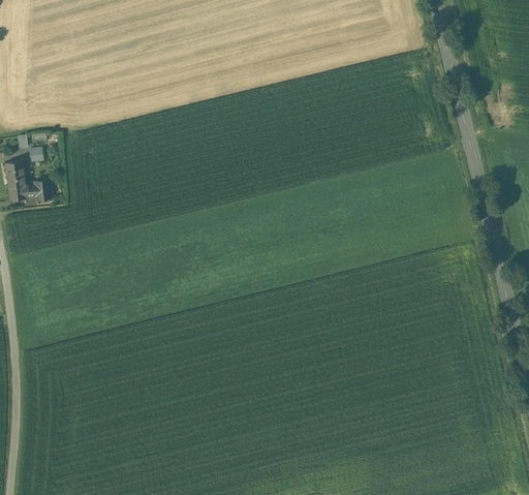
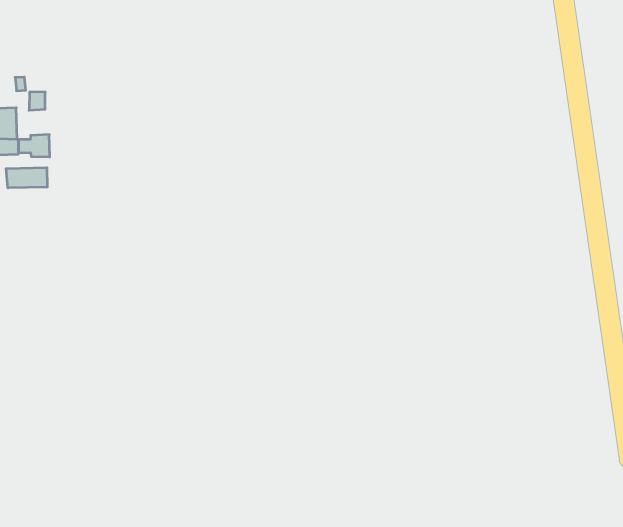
building: none -> [6,168,47,188]

